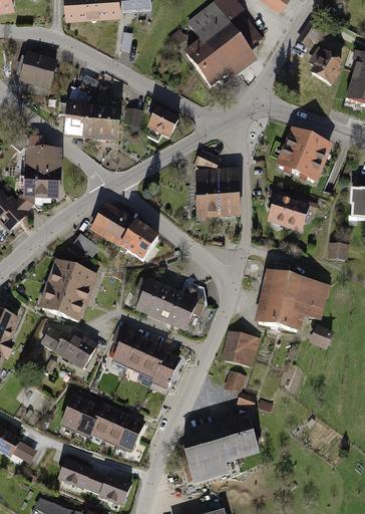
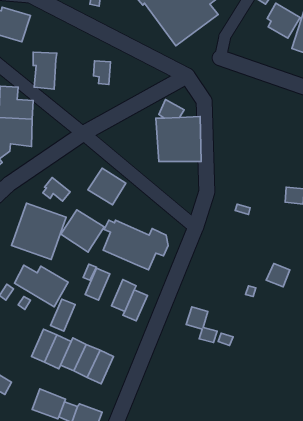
building: [147,103,181,141] -> none
building: [83,106,121,140] -> none
building: [275,126,333,183] -> none
building: [267,190,317,232] -> none
building: [89,202,135,247] -> [61,210,104,252]
building: [254,269,330,331] -> none
building: [221,329,259,366] -> none
building: [130,334,156,368] -> [51,299,75,331]
building: [180,410,259,482] -> none

